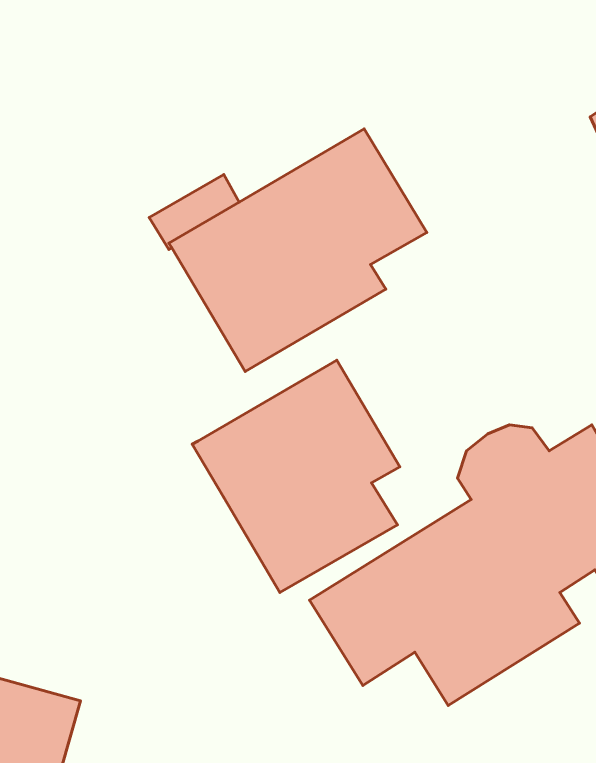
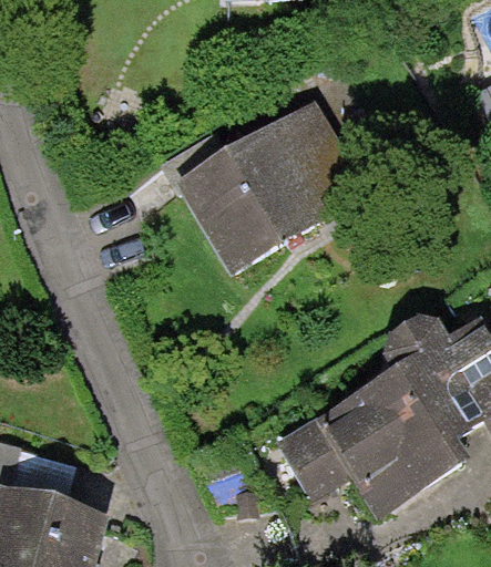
building: [192,360,400,593] -> none

